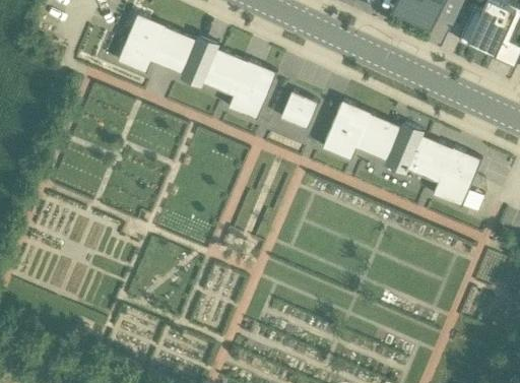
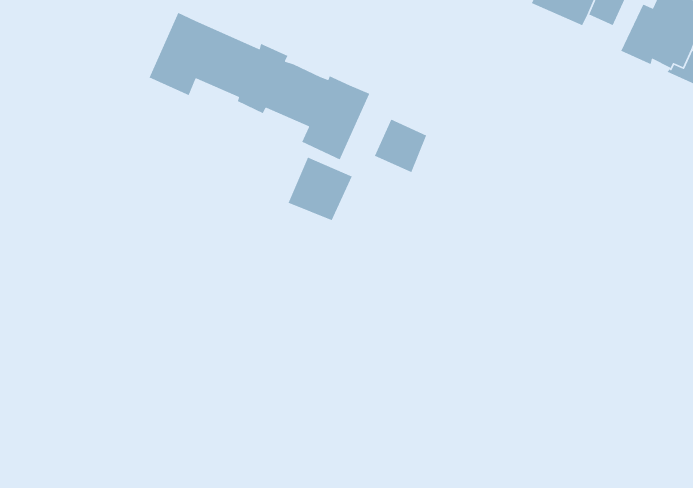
building: [321,99,481,206] -> none
building: none -> [288,157,353,221]

